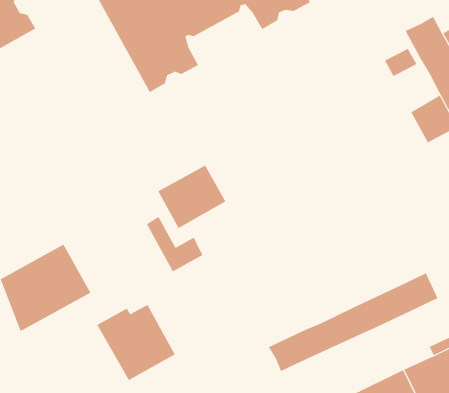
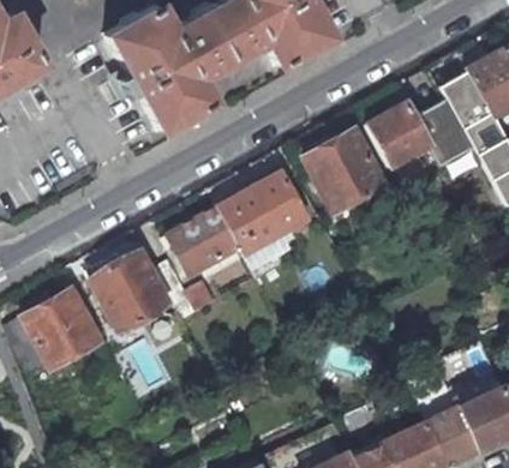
building: none -> [370,102,433,167]
building: none -> [309,131,385,209]
building: none -> [222,170,312,253]
building: [268,272,438,372] -> none
building: [96,304,175,381] -> [89,250,172,330]

